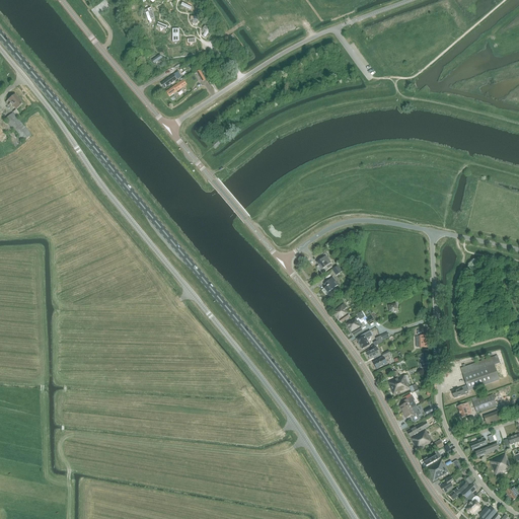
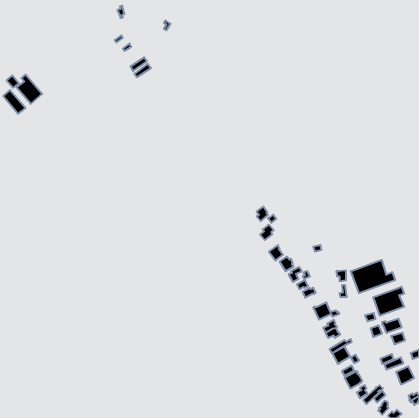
building: none -> [17,75,42,104]
building: none -> [351,260,395,293]

